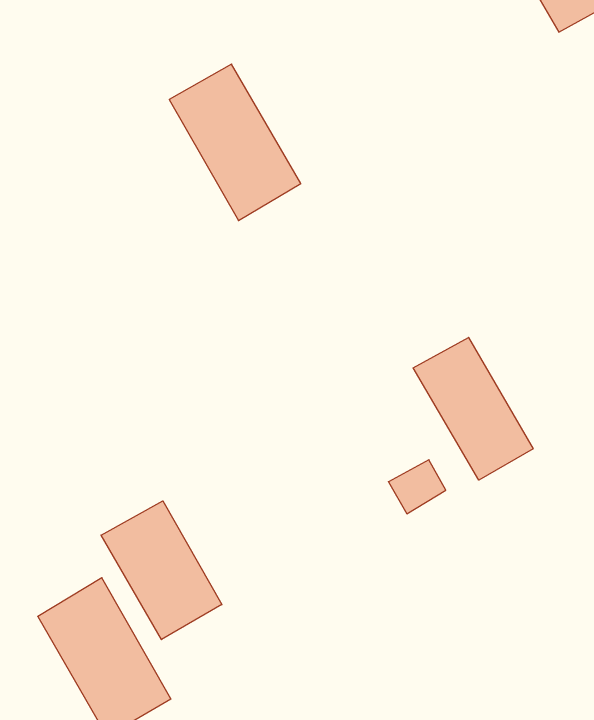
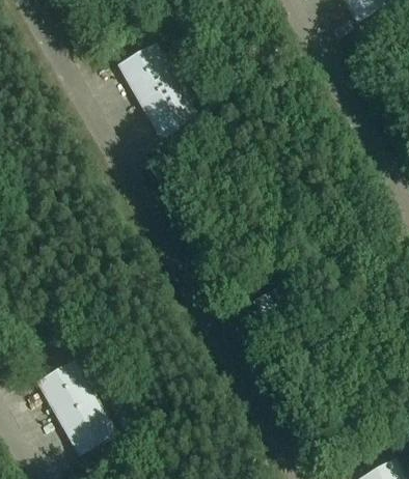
building: [413,337,533,480] -> none
building: [101,501,222,640] -> none

